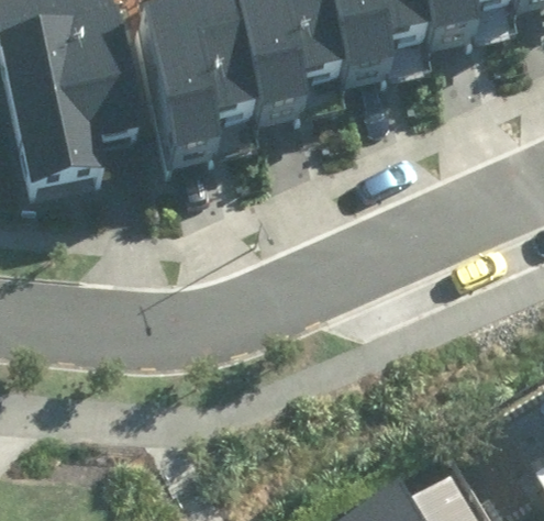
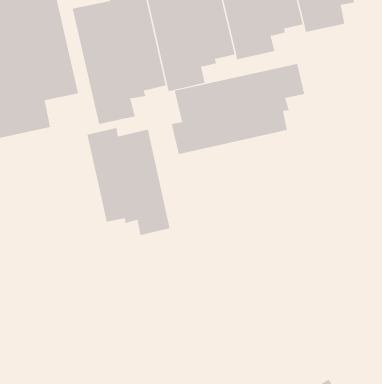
building: none -> [171,63,305,155]
building: none -> [87,127,170,236]

